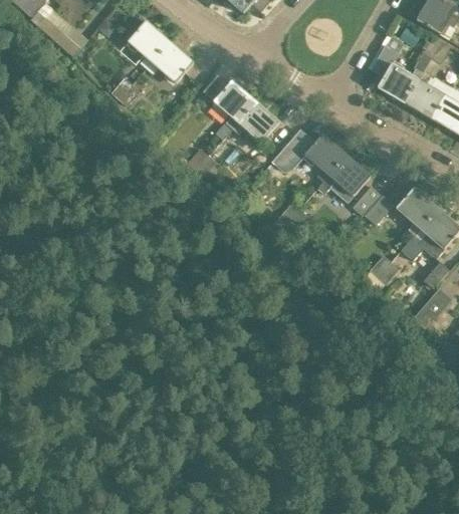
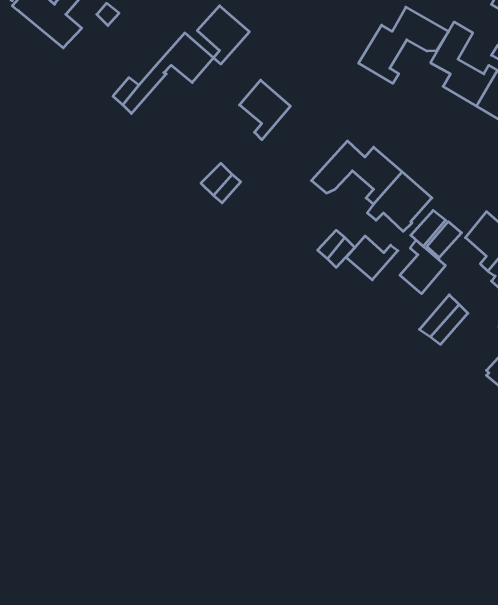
building: [128,21,170,68] -> [197,6,249,64]
building: none -> [359,7,449,83]
building: [232,101,279,142] -> none
building: none -> [346,236,398,280]
building: none -> [400,240,445,294]

